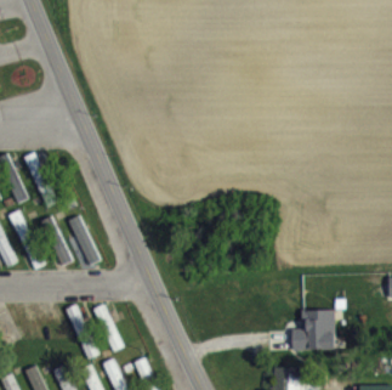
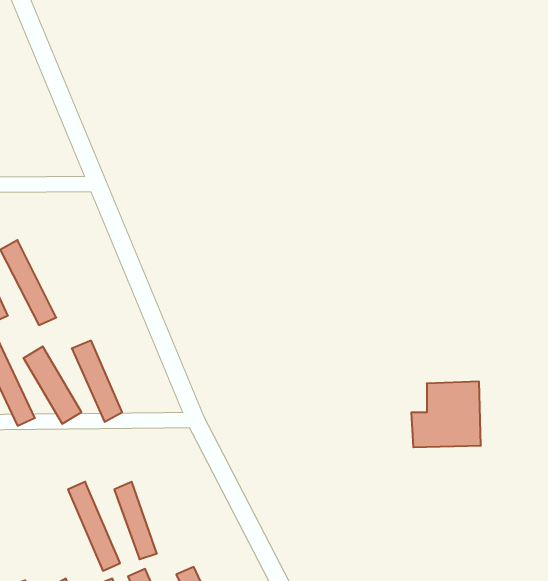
building: [292,310,336,351] -> [411,382,481,447]

